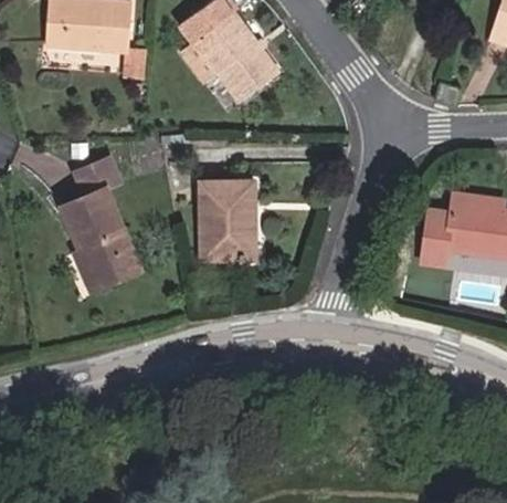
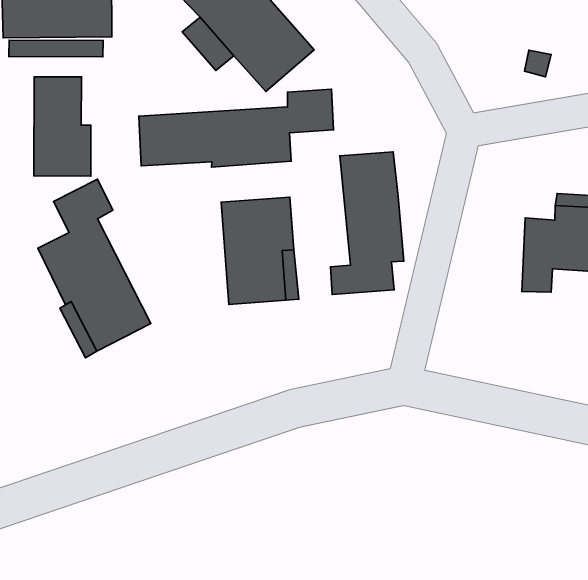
building: none -> [34,77,91,176]
building: none -> [139,89,333,167]
building: none -> [331,152,404,295]

